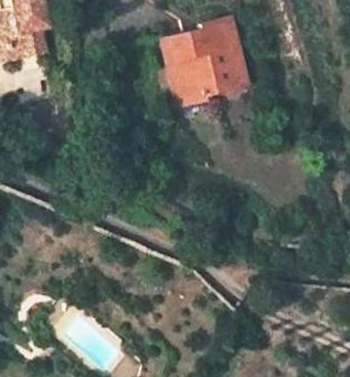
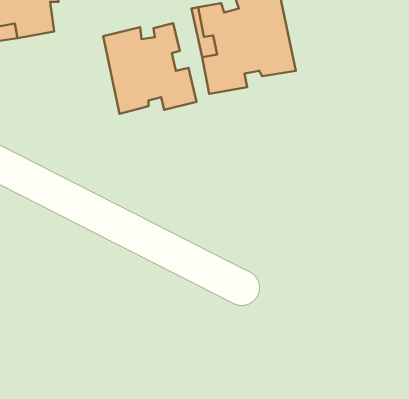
building: none -> [103,23,197,114]

